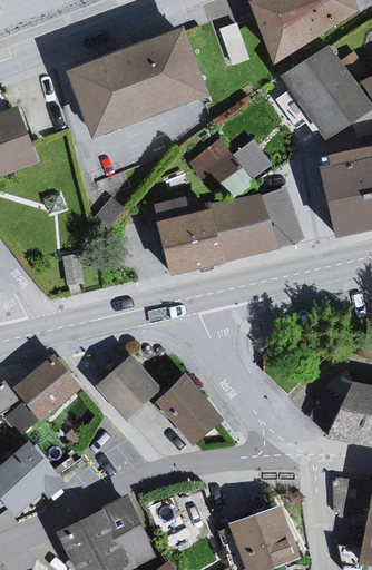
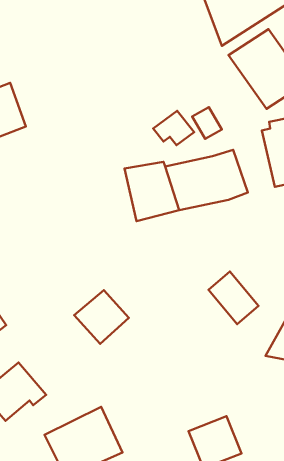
building: [69,28,205,135] -> none
building: [16,357,79,419] -> none
building: [159,377,219,441] -> [208,271,259,324]

